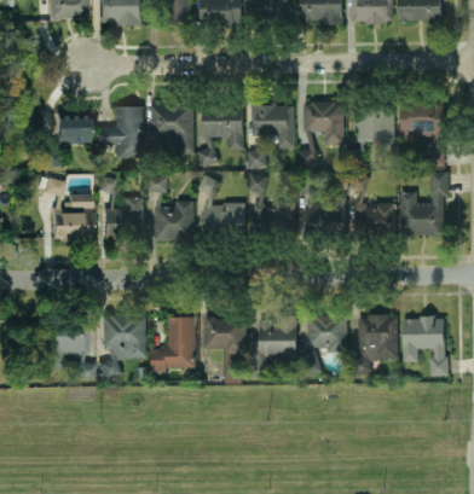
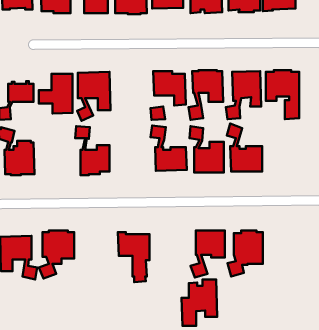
building: [197,101,243,167] -> none
building: [399,170,447,236] -> none
building: [196,172,244,232] -> none
building: [98,175,143,238] -> none
building: [401,314,449,374] -> none
building: [249,315,296,377] -> [182,280,217,326]
building: [150,316,195,371] -> none

